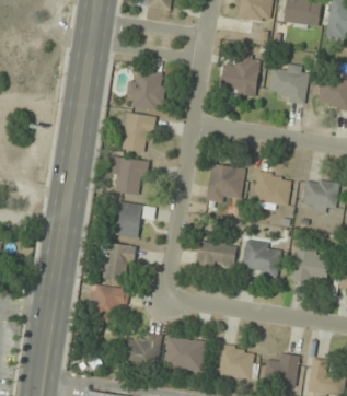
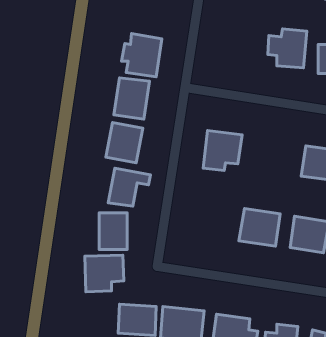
building: [221,56,259,95] -> none
building: [253,172,291,207] -> none
building: [197,241,235,269] -> none

